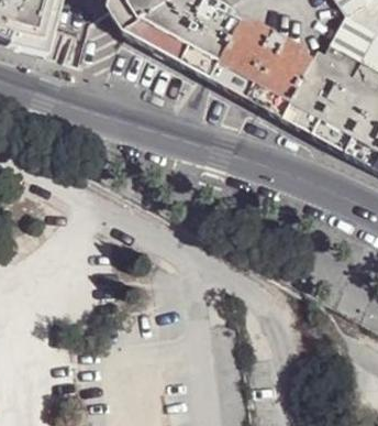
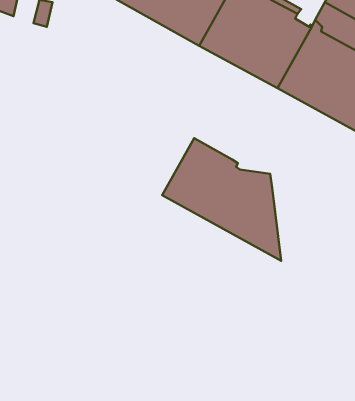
building: none -> [162,138,281,261]

